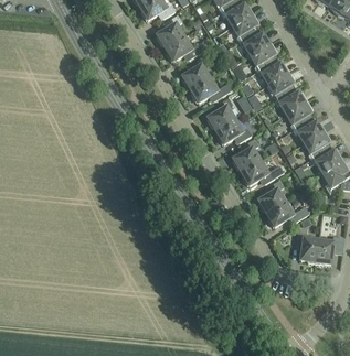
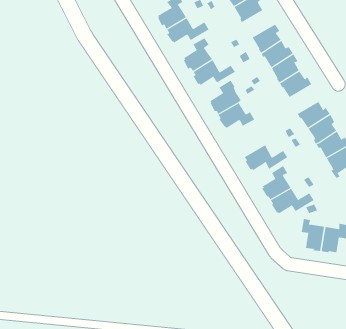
building: [237,29,271,55] -> none
building: [284,100,312,129] -> none
building: [232,138,261,171] -> none

